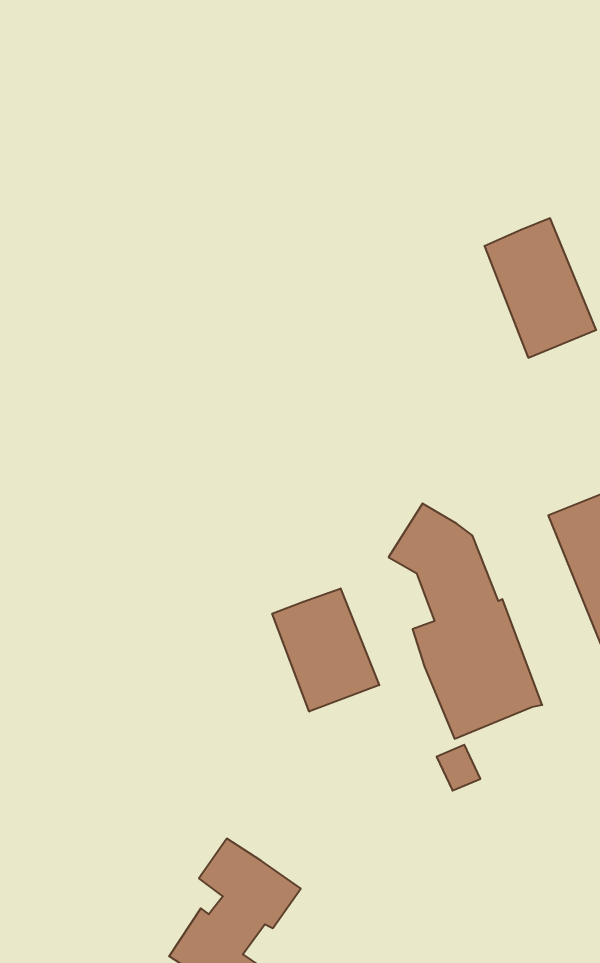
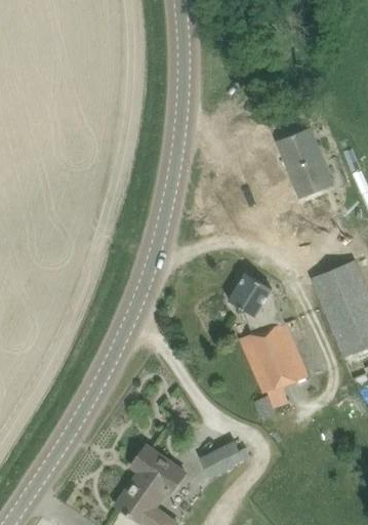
building: [272,588,379,712] -> none
building: none -> [198,442,249,479]

